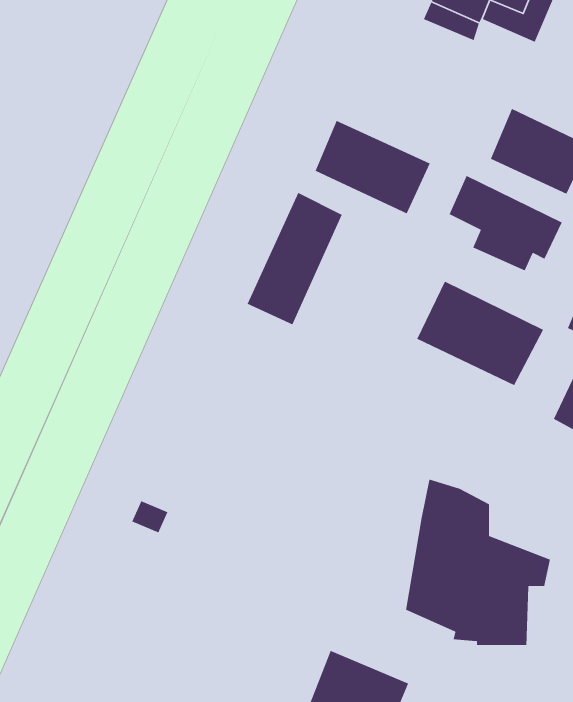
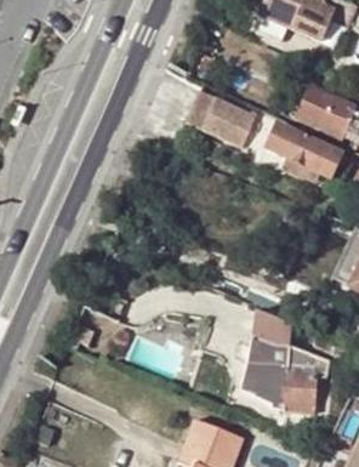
building: [246,192,343,325] -> none
building: [416,281,544,386] -> none

